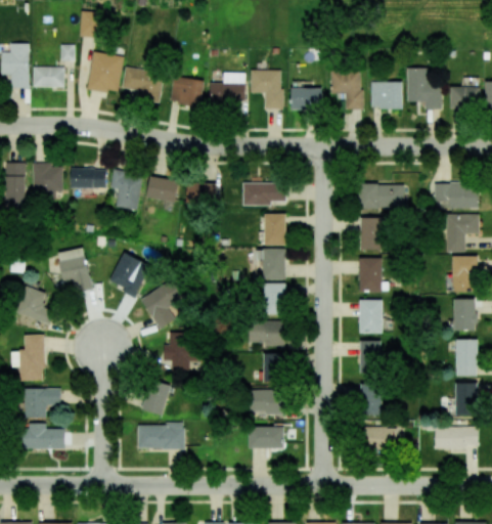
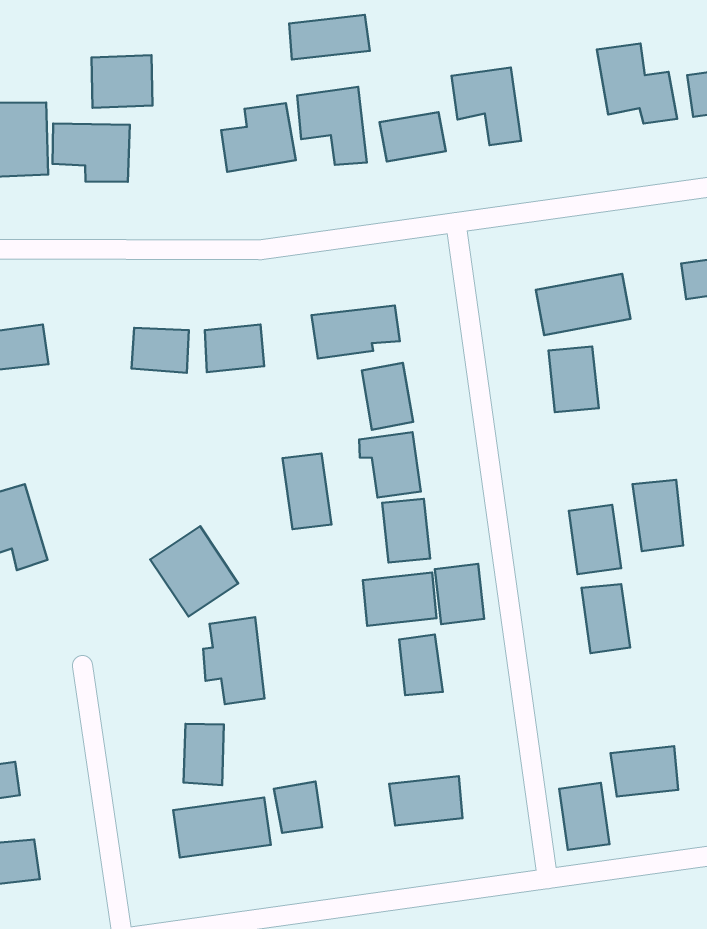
building: none -> [289,15,370,60]
building: [170,78,204,106] -> [92,55,153,108]
building: [370,82,402,108] -> none
building: [110,170,138,210] -> none
building: [110,253,149,292] -> none
building: none -> [283,453,332,529]
building: [359,258,382,293] -> [632,480,683,551]
building: none -> [435,564,484,624]
building: [360,384,382,416] -> [559,783,609,850]
building: [249,390,282,414] -> none
building: none -> [274,781,322,833]

